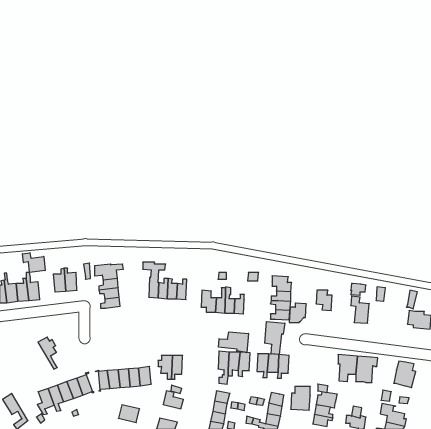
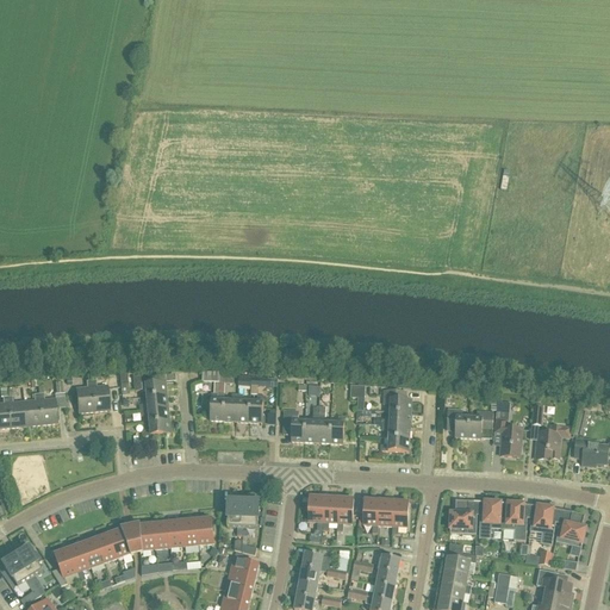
building: [23,253,45,272] -> none
building: none -> [534,425,568,459]
building: [289,303,306,322] -> [467,410,491,437]
building: [265,322,285,354] -> none
building: [219,332,248,353] -> none
building: [38,337,57,369] -> [17,547,44,592]
building: none -> [529,504,562,543]
building: [291,386,310,410] -> [449,499,477,533]
building: [118,405,140,423] -> [225,569,255,595]

